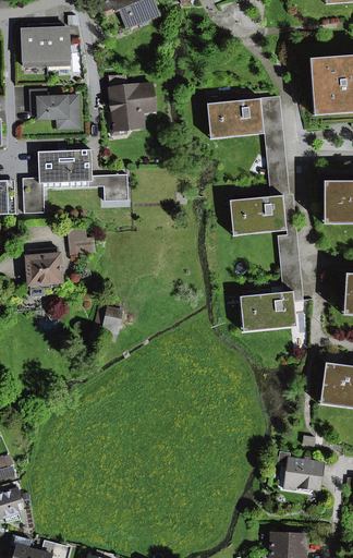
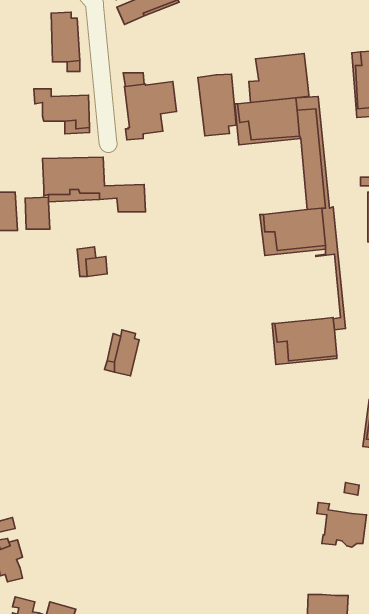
building: [23,23,47,66] -> none
building: none -> [249,53,309,103]
building: none -> [198,74,236,136]
building: [278,234,300,291] -> none
building: [26,247,62,295] -> none

